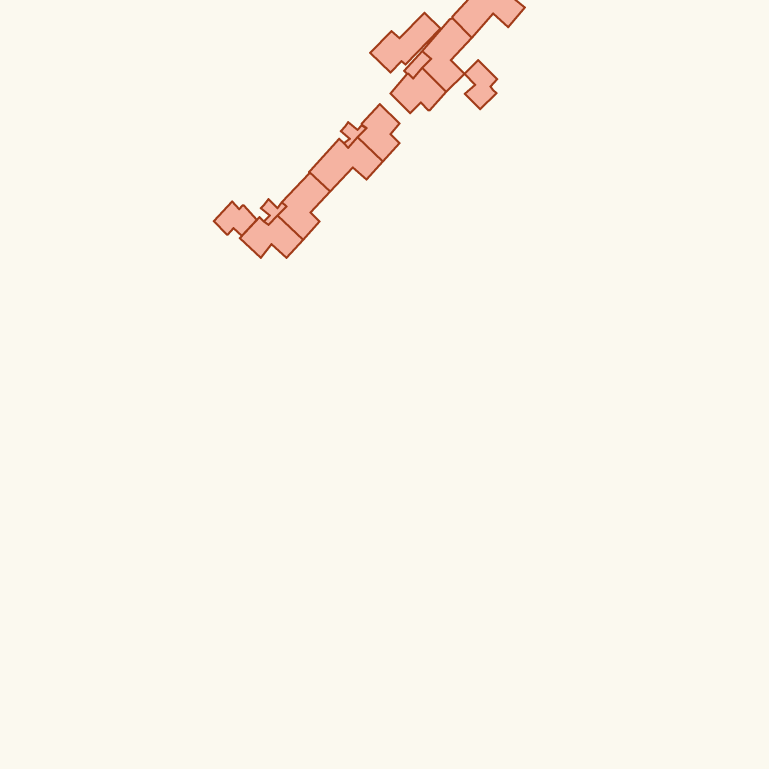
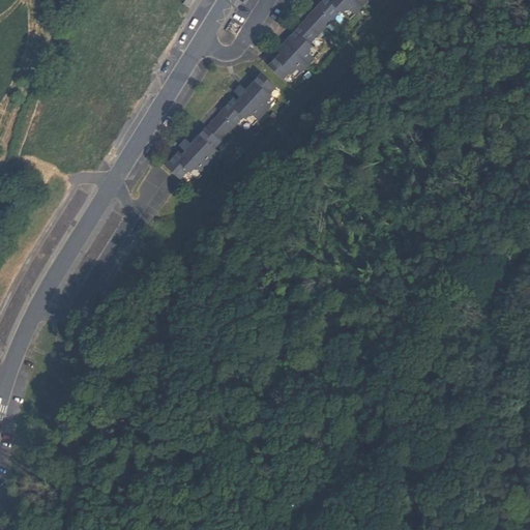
building: [370,13,441,73] -> none
building: [464,60,497,109] -> none
building: [214,202,257,236] -> none

